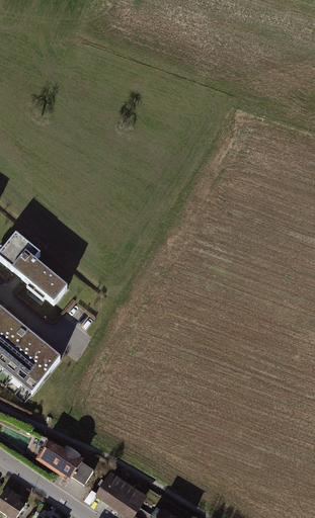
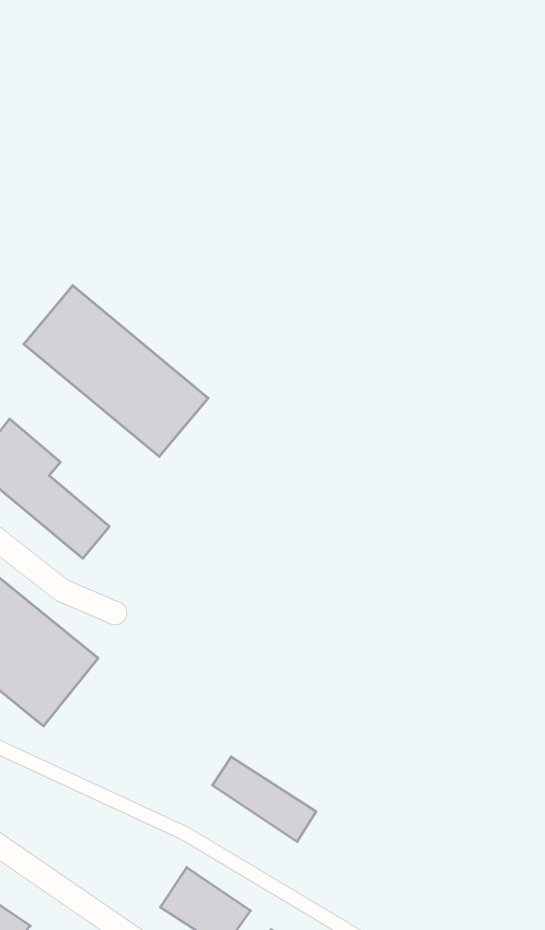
building: none -> [24,285,208,457]
building: [37,437,93,483] -> [212,757,316,842]

